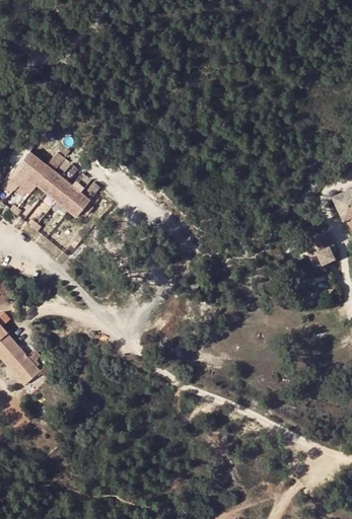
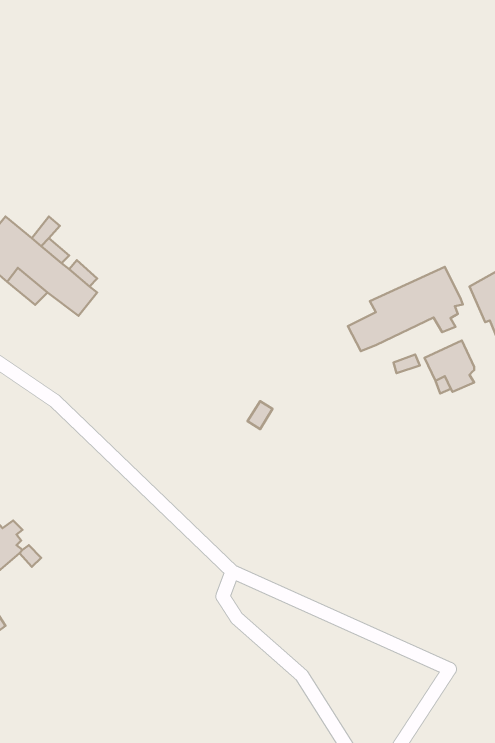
building: none -> [348,267,463,351]

